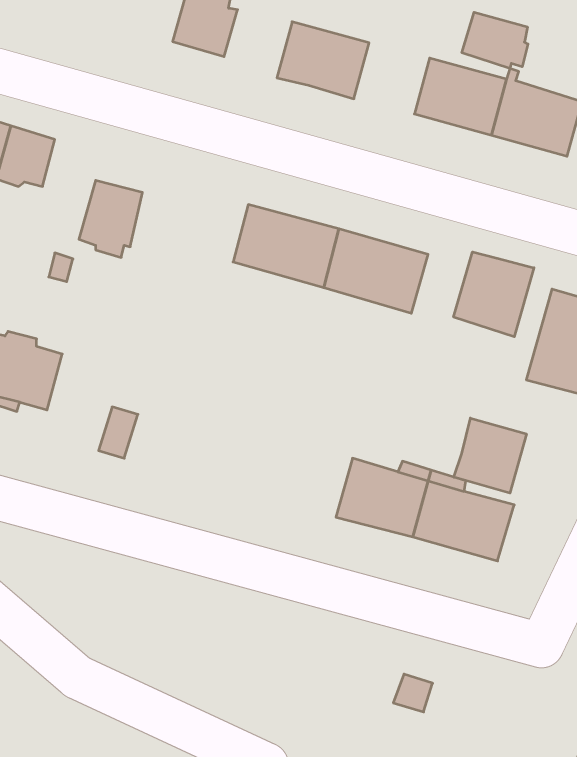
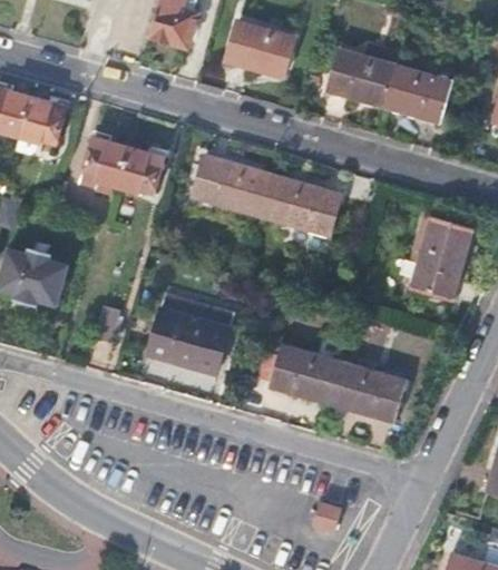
building: [462,12,528,69] -> none
building: none -> [118,148,163,194]
building: [454,252,534,337] -> none
building: none -> [148,292,232,372]
building: [454,418,526,493] -> none

